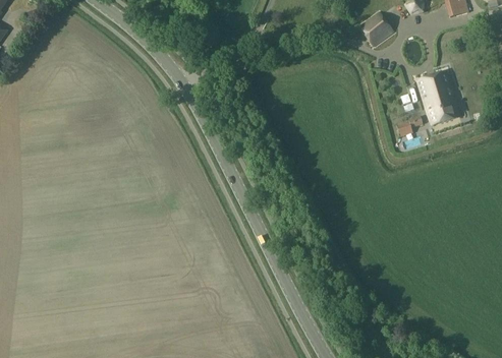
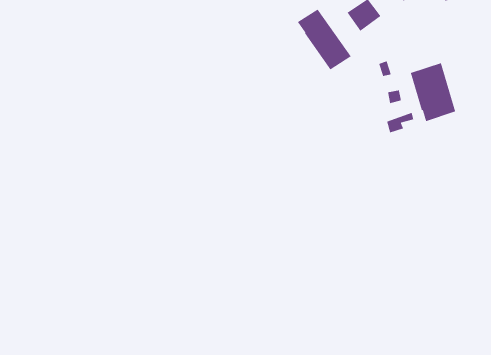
building: none -> [297,8,352,71]

